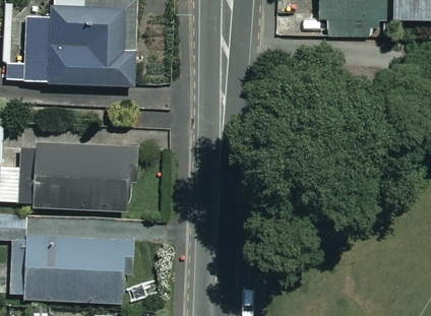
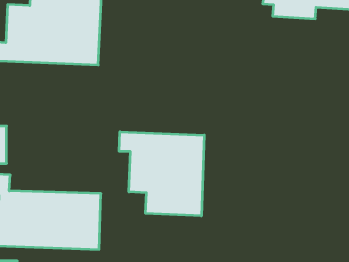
building: [30,142,135,208] -> none
building: none -> [119,132,204,216]

